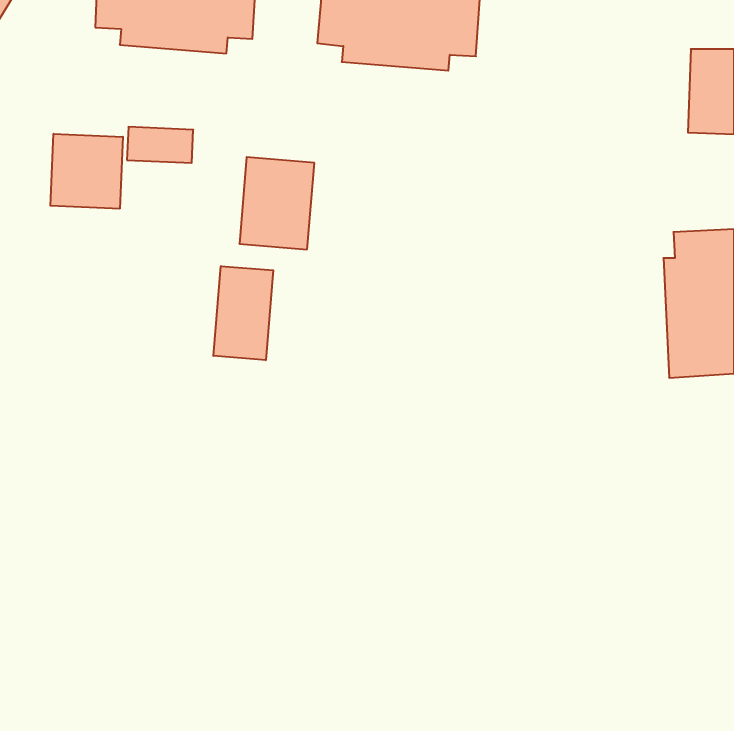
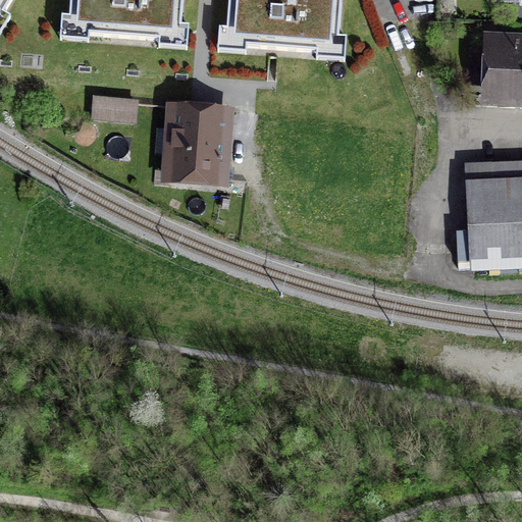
building: [50,134,123,209] -> none
building: [213,266,273,360] -> none

